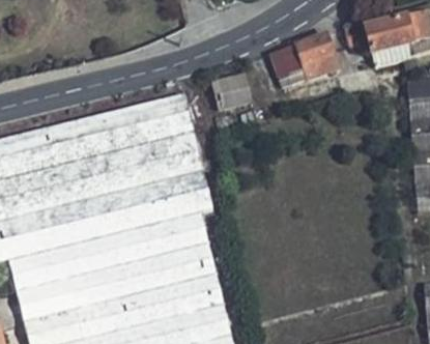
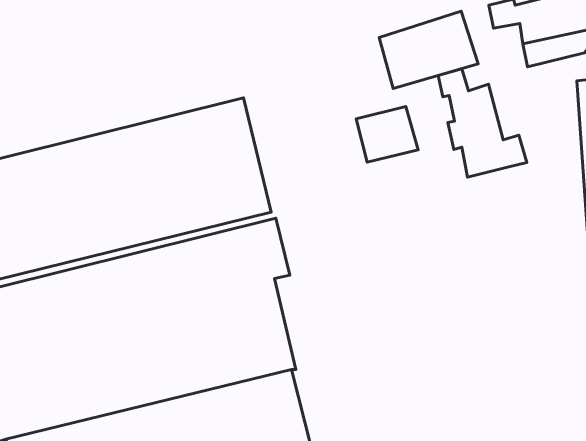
building: [211,71,253,109] -> [356,107,418,162]
building: none -> [438,69,527,177]

